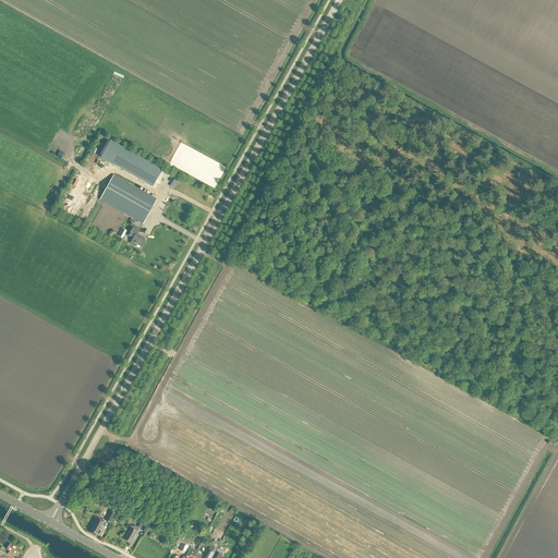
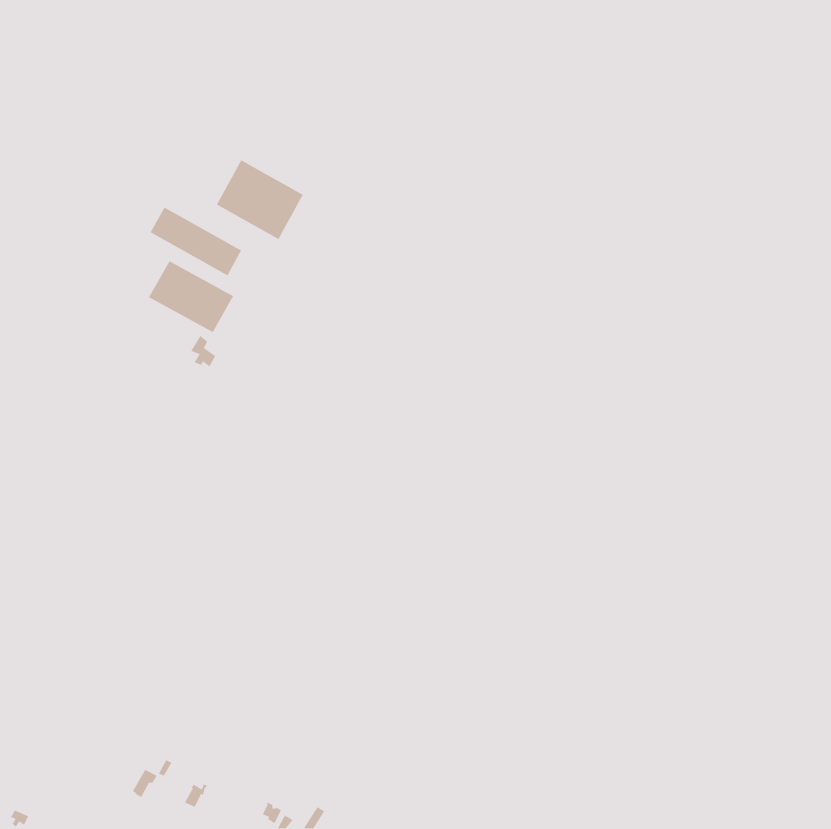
building: none -> [216,159,304,240]

